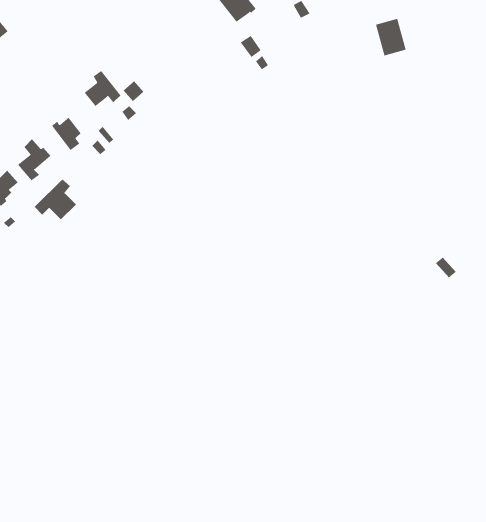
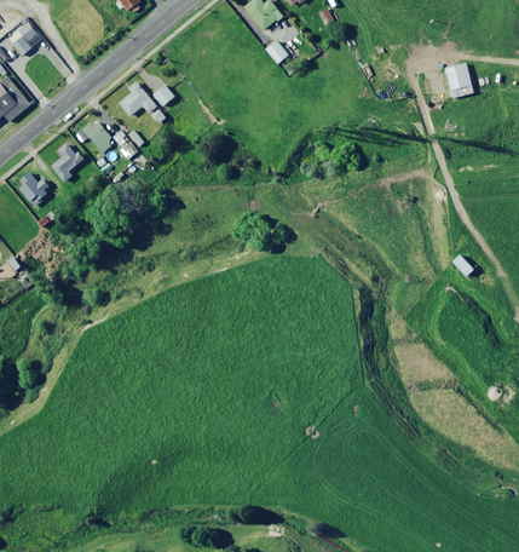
building: [375,18,407,56] -> [443,63,473,99]
building: [34,178,77,220] -> none

